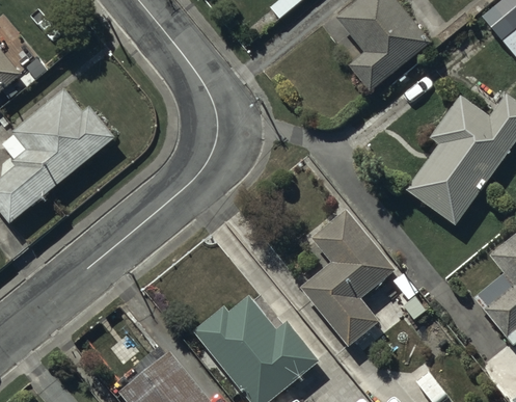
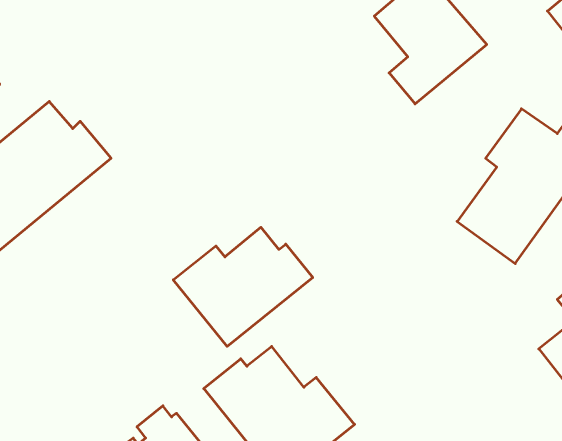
building: none -> [173,227,313,346]
building: [301,209,397,347] -> none

